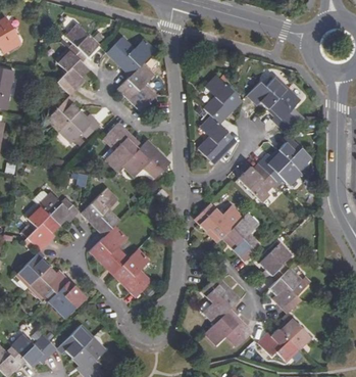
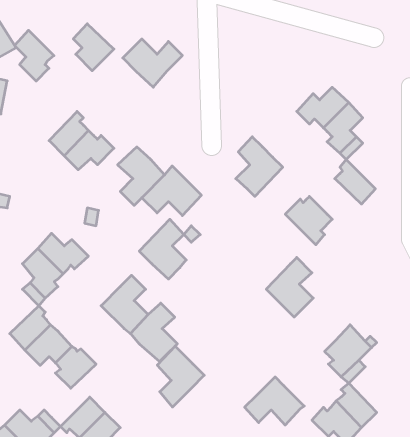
building: [57,48,89,89] -> [15,30,54,81]
building: [117,61,155,110] -> none
building: [202,75,241,123] -> none
building: [256,148,298,182] -> none
building: [81,187,118,235] -> [139,219,186,279]
building: [195,203,241,241] -> none
building: [259,242,291,279] -> none
building: [201,274,239,323] -> [157,346,204,407]

